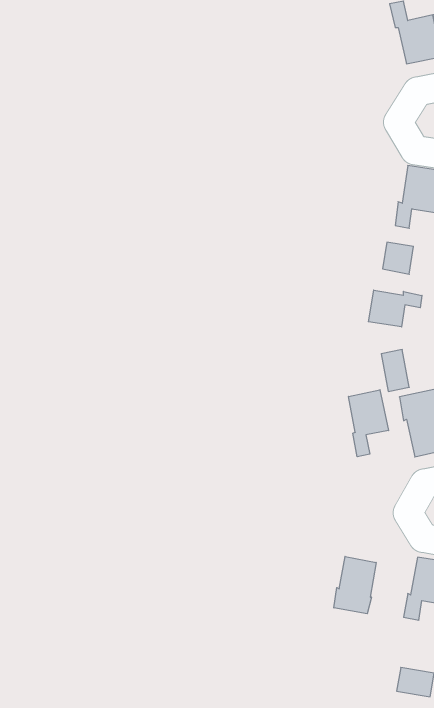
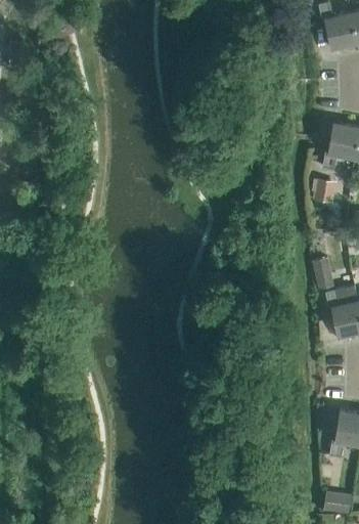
building: [368,290,422,327] -> none
building: [349,390,389,457] -> none
building: [334,556,376,614] -> none

